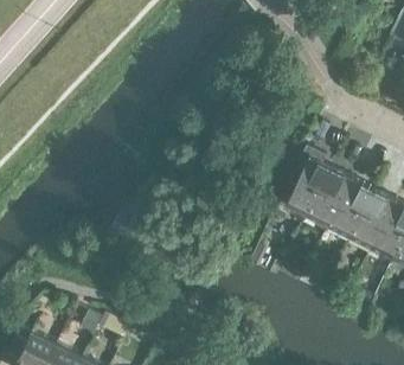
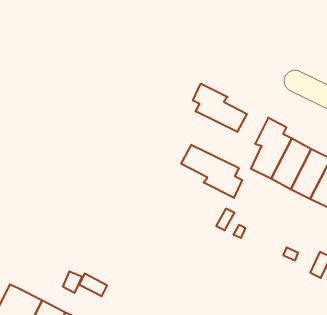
building: none -> [193,84,247,132]
building: none -> [181,145,242,198]

